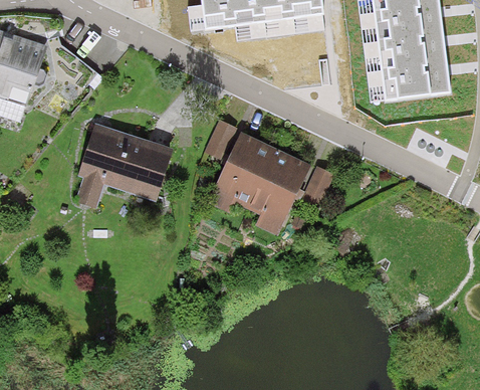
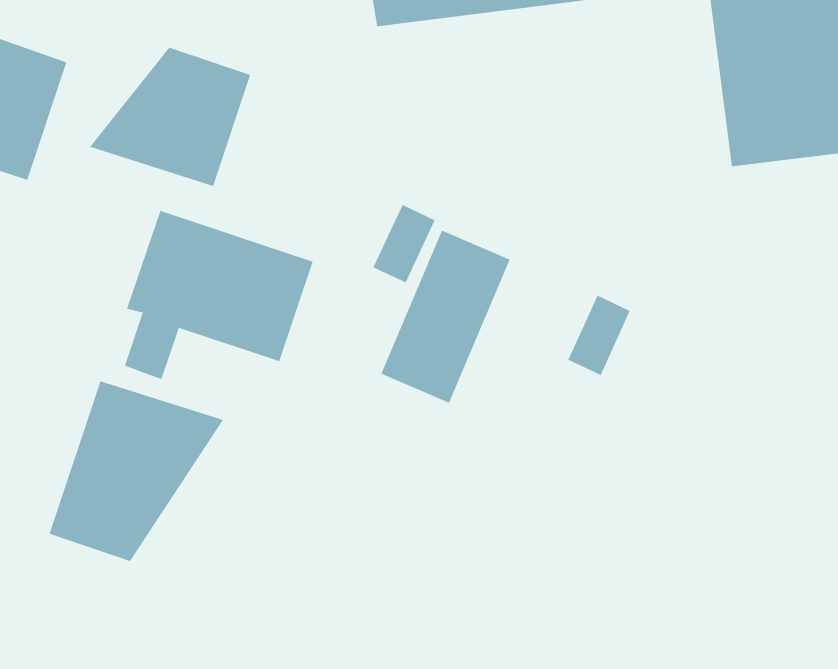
building: none -> [89,47,251,187]
building: [242,148,308,236] -> none
building: none -> [49,381,224,562]

